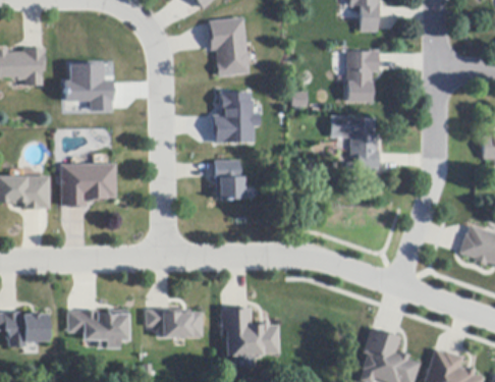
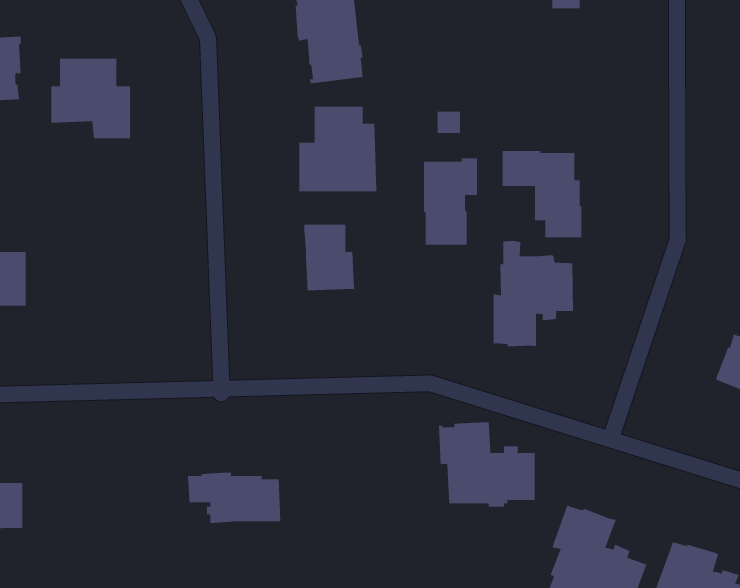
building: [347,50,380,102] -> [423,158,478,245]
building: [59,163,115,207] -> none
building: none -> [493,240,573,347]
building: [219,307,277,358] -> [438,422,536,507]
building: [67,310,127,348] -> none

